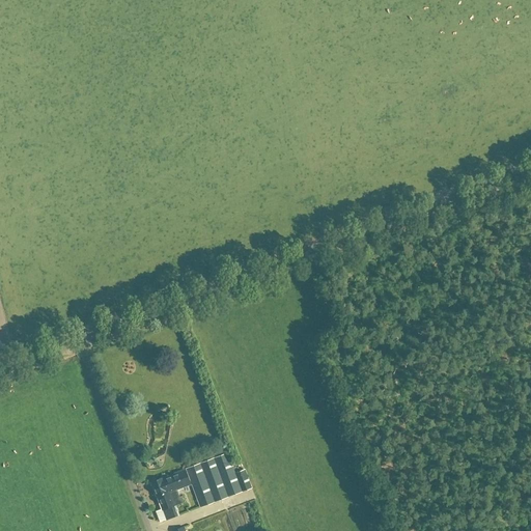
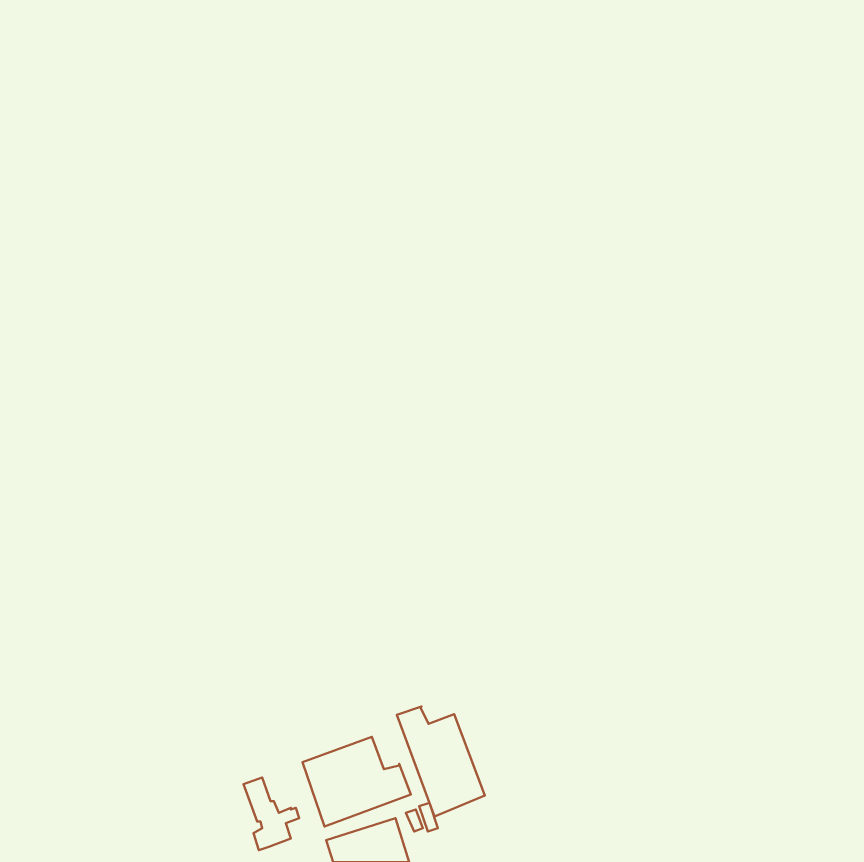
building: none -> [397,706,485,817]
building: [161,469,190,499] -> none

